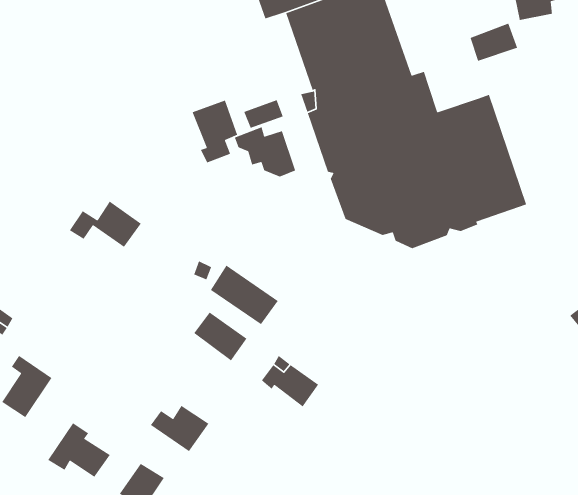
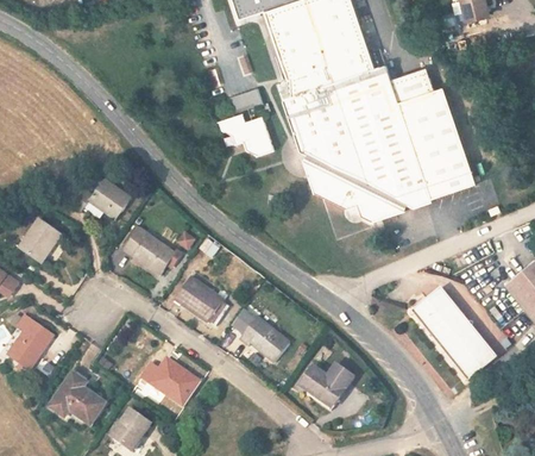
building: [470,23,518,62] -> [385,65,428,100]
building: [191,100,238,164] -> none
building: none -> [21,220,62,262]
building: [210,264,279,325] -> [120,225,181,279]
building: none -> [410,282,496,377]
building: none -> [301,362,352,408]

